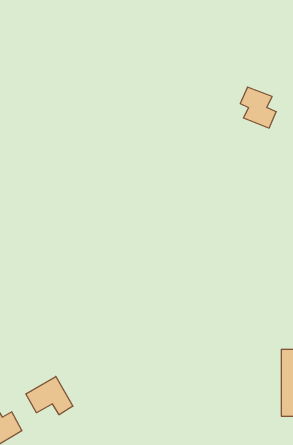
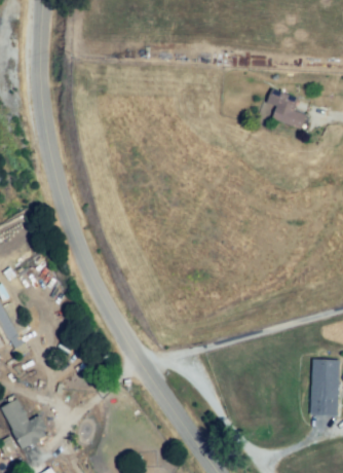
building: [26,376,73,415] -> none

